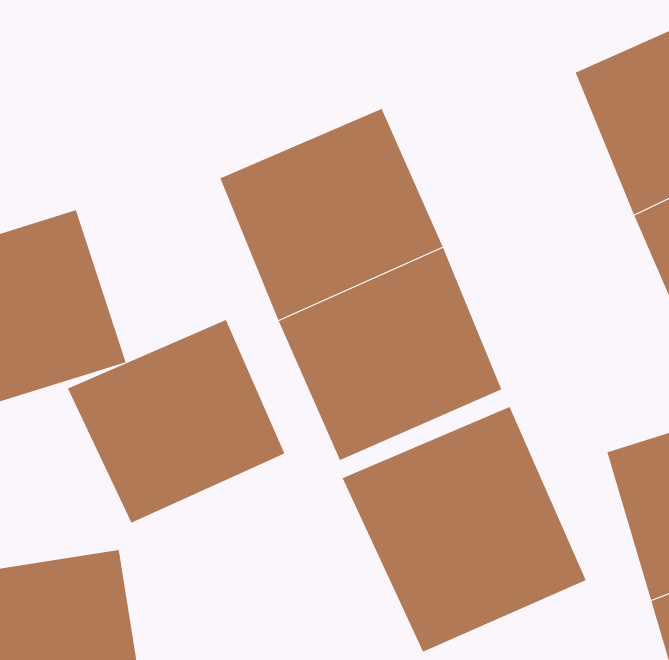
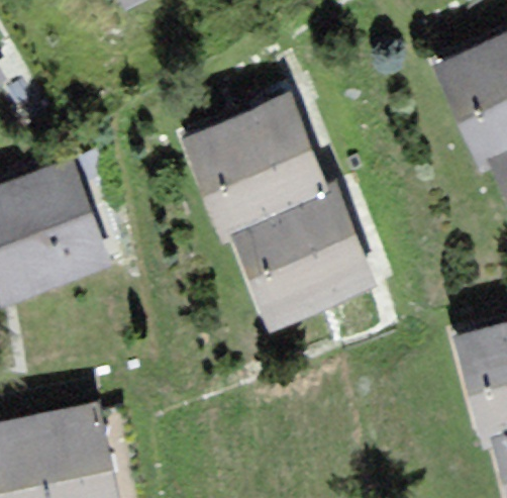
building: [67,319,285,524] -> none
building: [342,406,586,652] -> none

